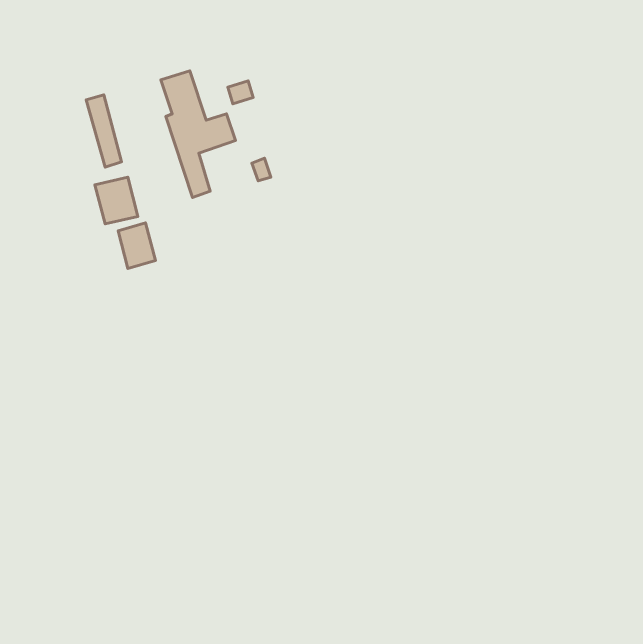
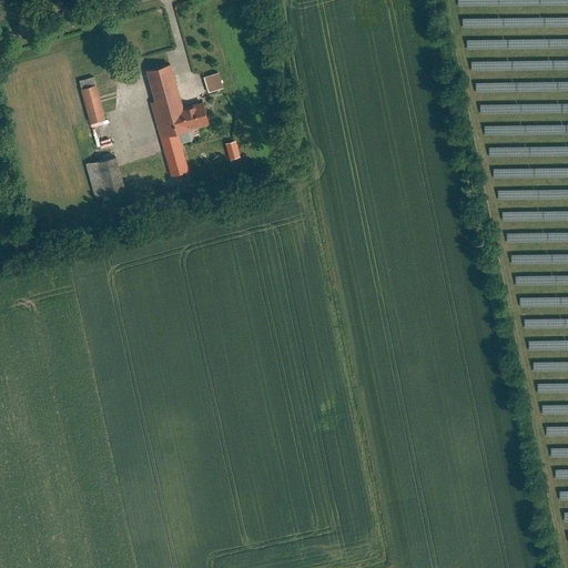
building: [118,223,155,268] -> none

